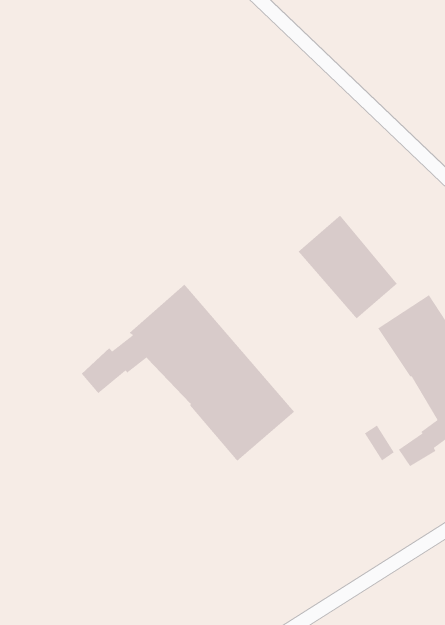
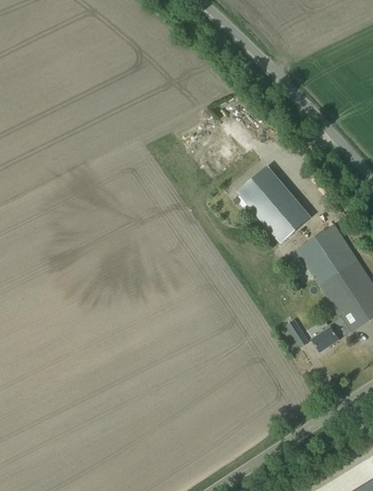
building: [81,284,295,462] -> none

